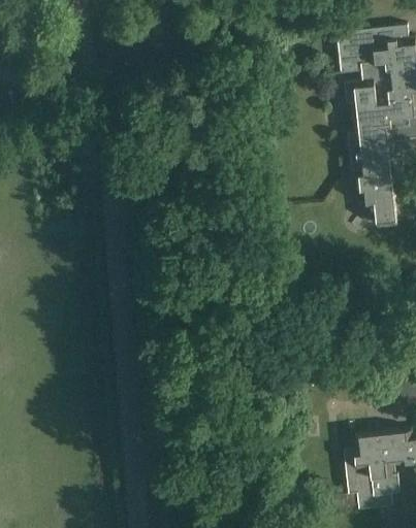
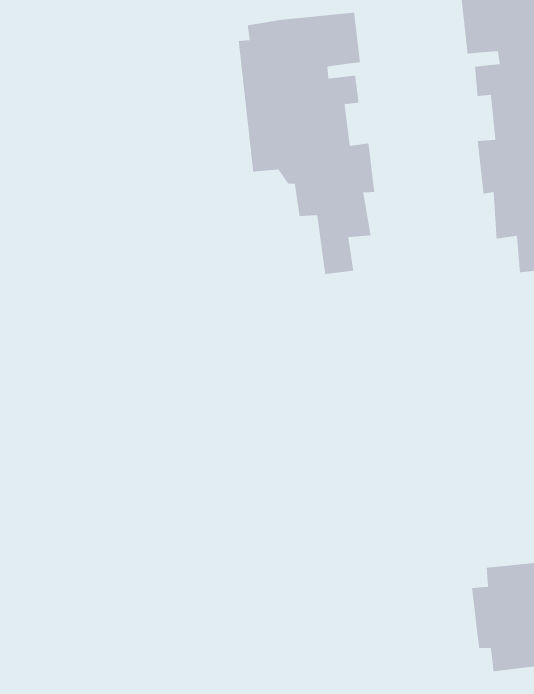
building: none -> [238,12,375,275]

